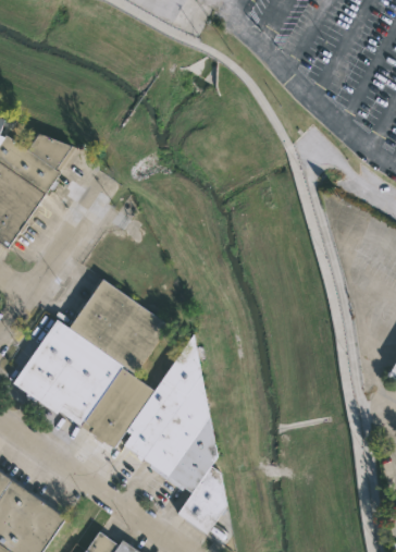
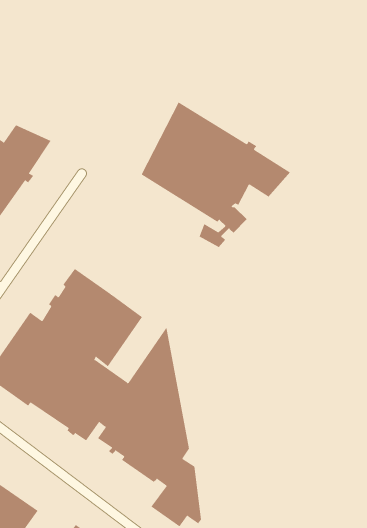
building: none -> [141,102,291,248]

